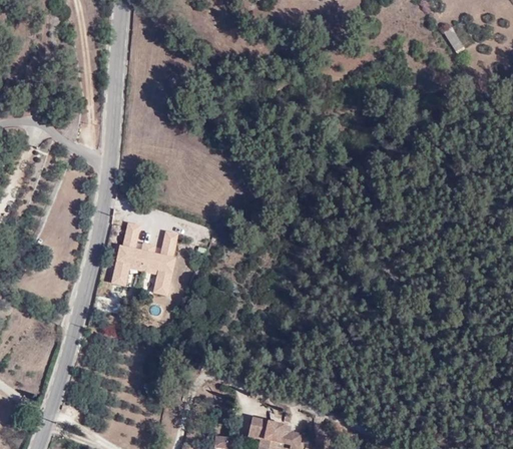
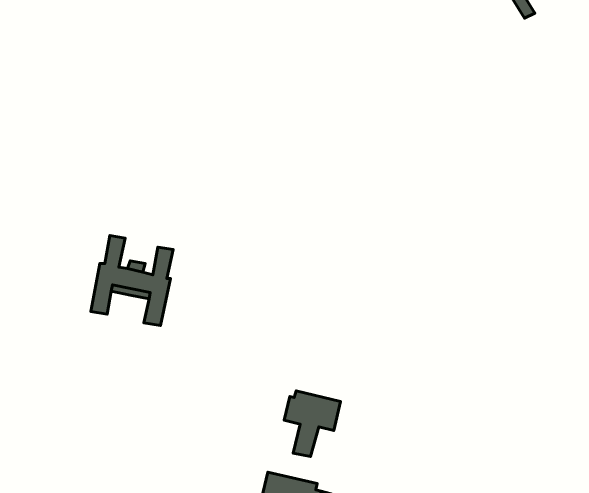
building: none -> [284,391,341,457]

